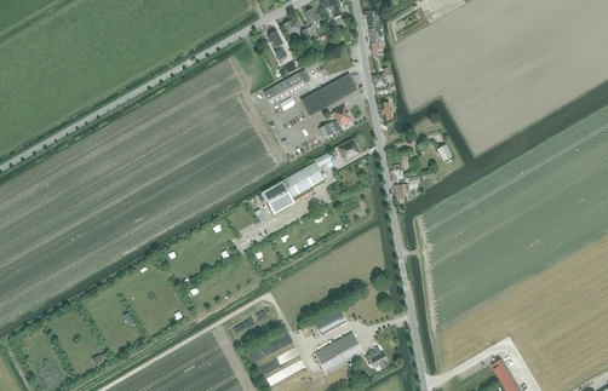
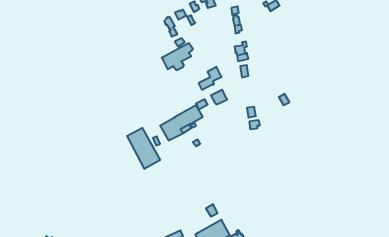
building: [302,73,359,115] -> none
building: none -> [127,128,160,169]

